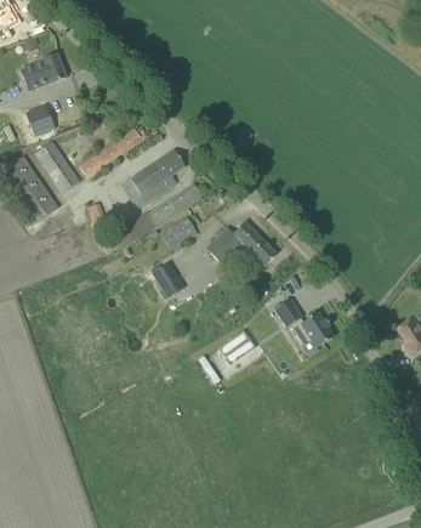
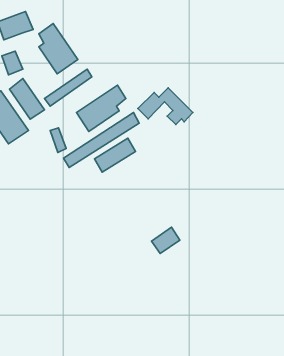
building: none -> [39,24,78,74]
building: [205,221,275,268] -> [138,88,193,125]
building: [152,262,186,299] -> none
building: [274,299,334,347] -> none

